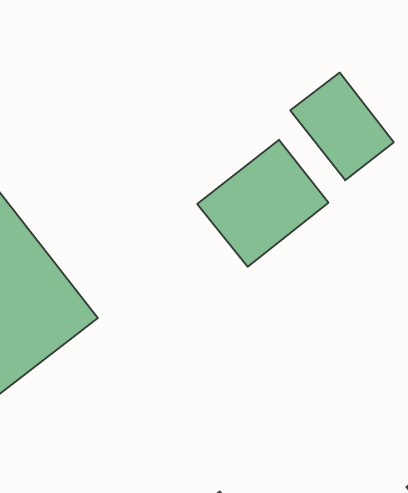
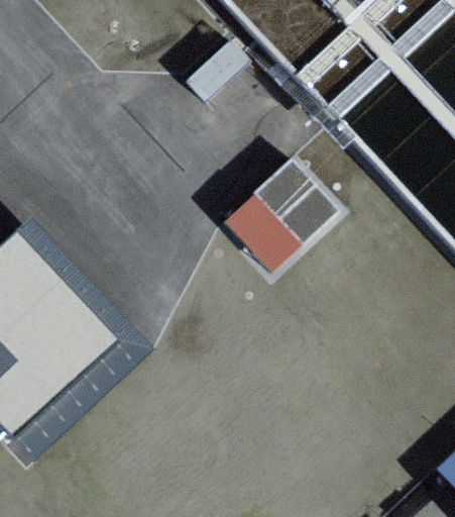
building: [290,73,394,180] -> none

